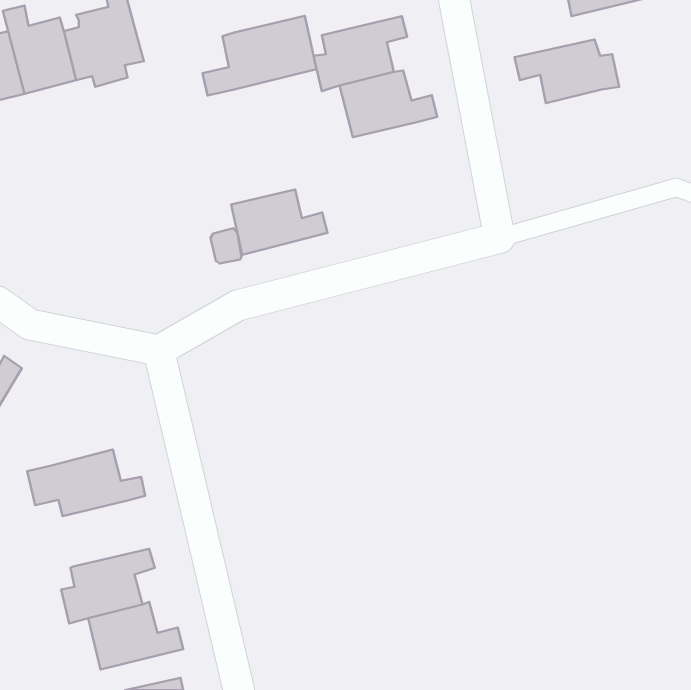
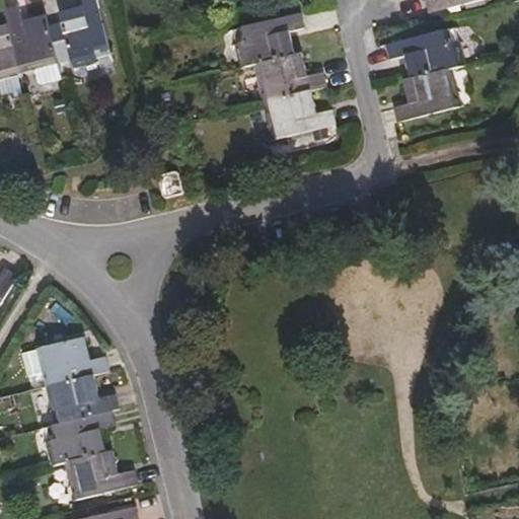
building: [202,16,317,96] -> none
building: none -> [393,67,459,122]
building: [231,189,328,255] -> [264,91,336,140]
building: none -> [47,374,119,423]

